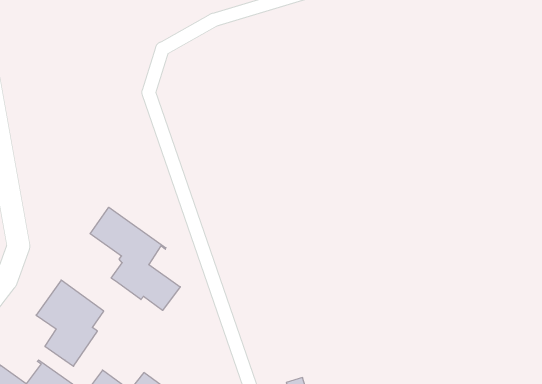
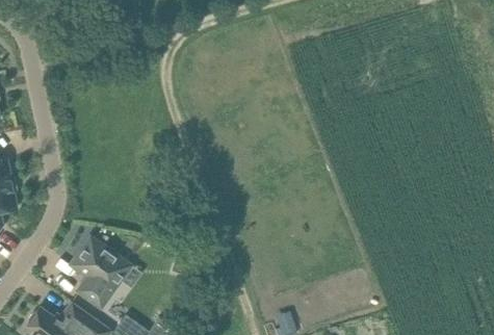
building: [90,207,180,310] -> none

